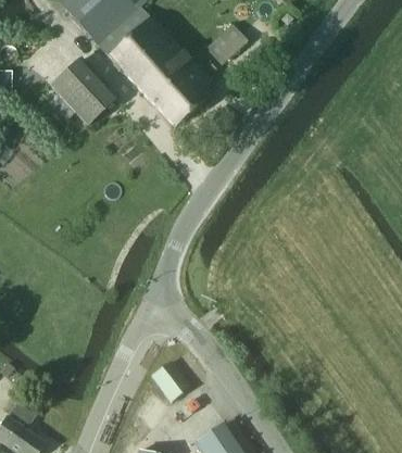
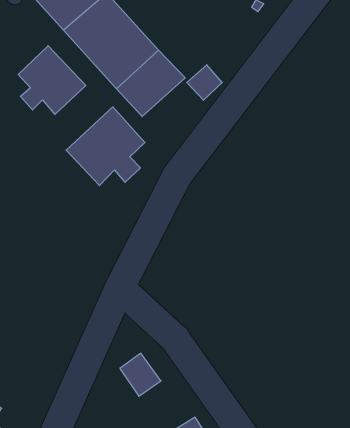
building: [212,24,247,59] -> [187,65,222,100]
building: none -> [66,107,145,186]

